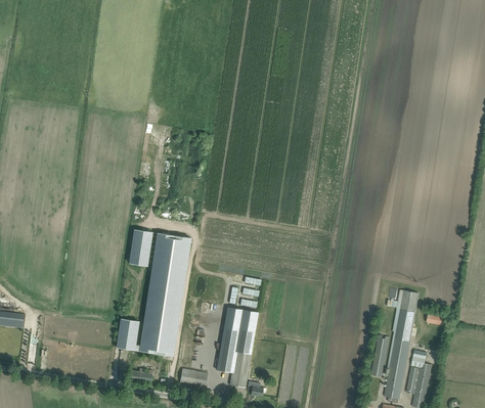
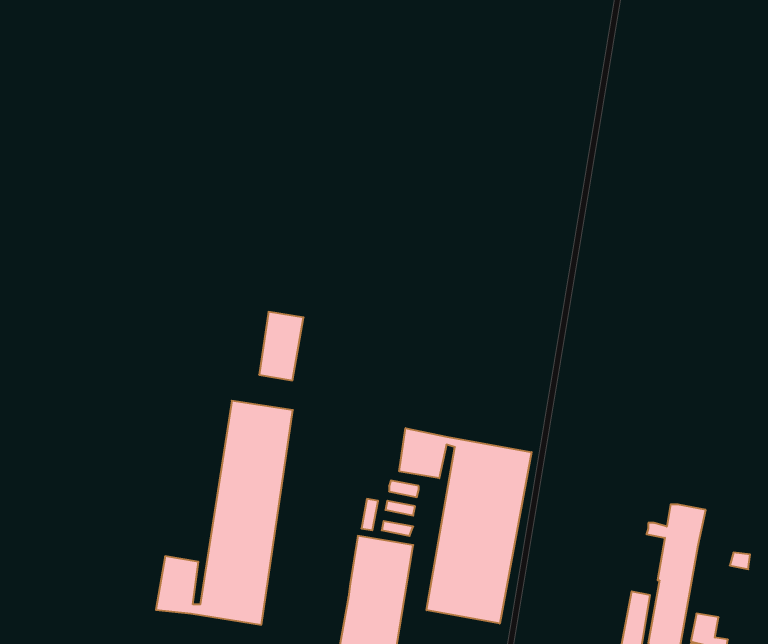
building: [128,228,152,266] -> [259,312,304,380]
building: none -> [399,428,532,624]

